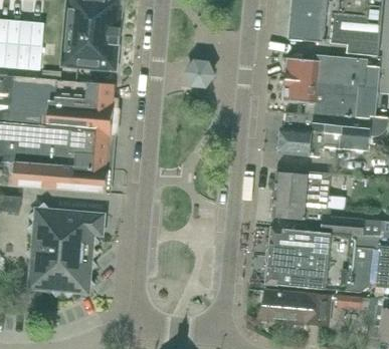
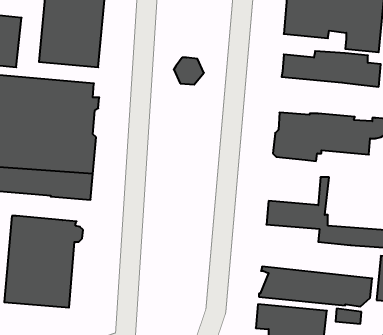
building: [282,79,377,120] -> none
building: [274,170,323,199] -> none
building: [268,228,372,267] -> none

